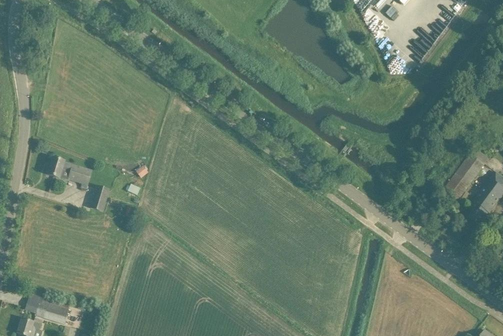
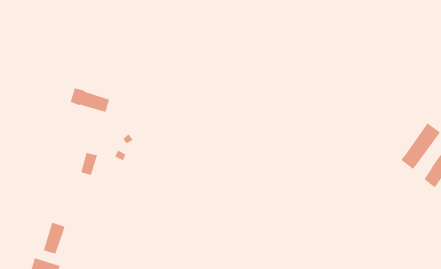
building: [48,155,92,182] -> [70,88,110,112]
building: none -> [43,222,65,255]

